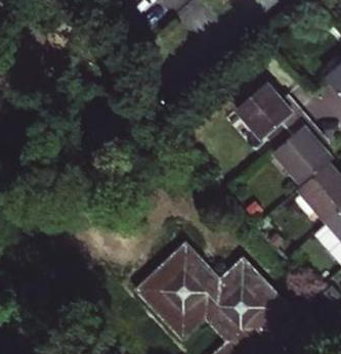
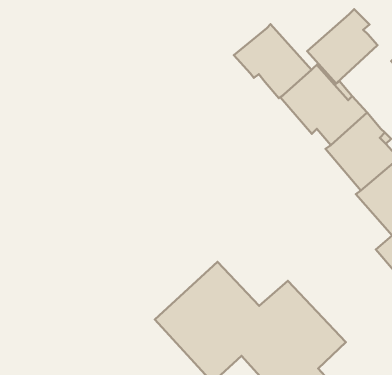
building: none -> [307,9,377,83]
building: none -> [234,24,311,98]

